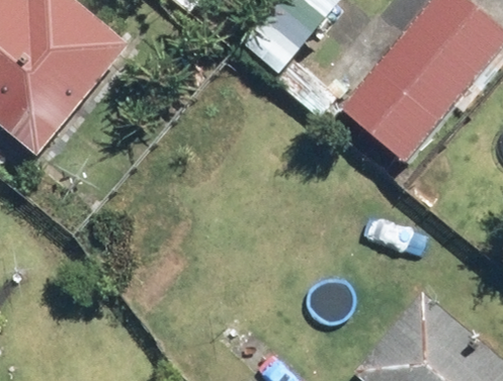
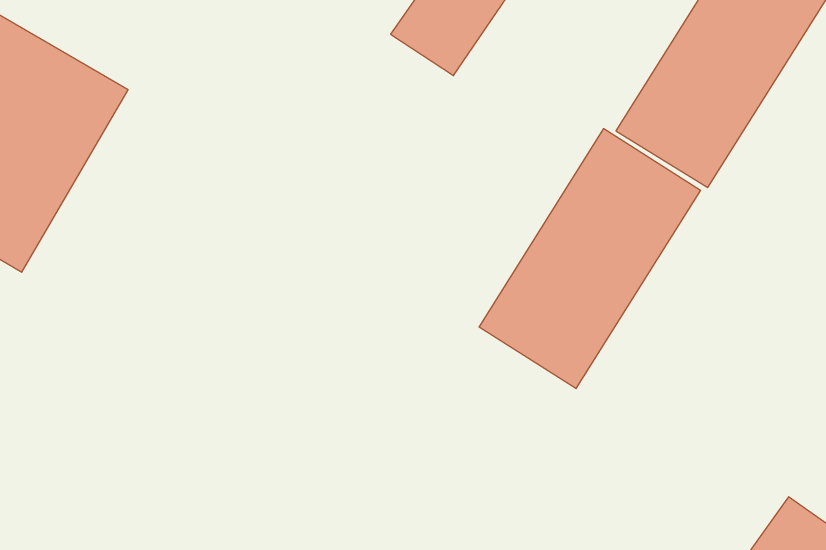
building: none -> [479,129,701,389]

